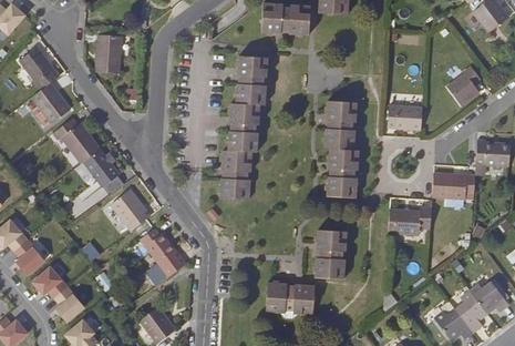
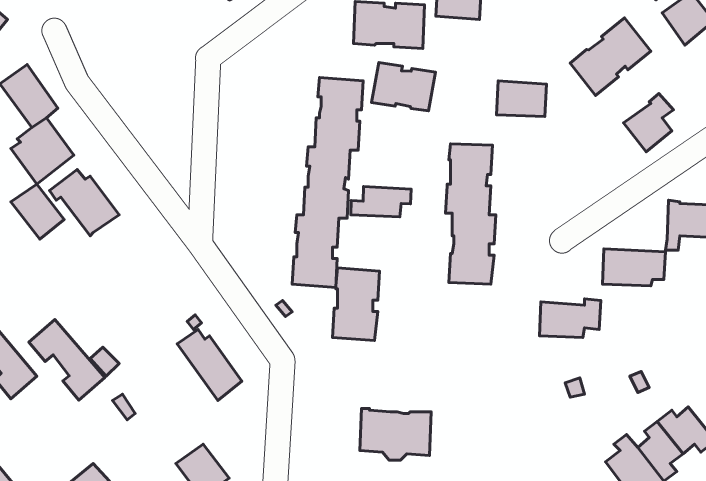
building: none -> [570,18,651,95]
building: [95,33,122,72] -> none
building: none -> [372,62,435,111]
building: [388,104,422,129] -> [496,81,546,116]
building: none -> [351,186,411,217]
building: [83,149,120,186] -> [11,184,64,239]
building: [111,189,151,230] -> none
building: [315,228,347,278] -> [333,268,379,341]
building: [32,266,84,322] -> [29,319,105,400]

